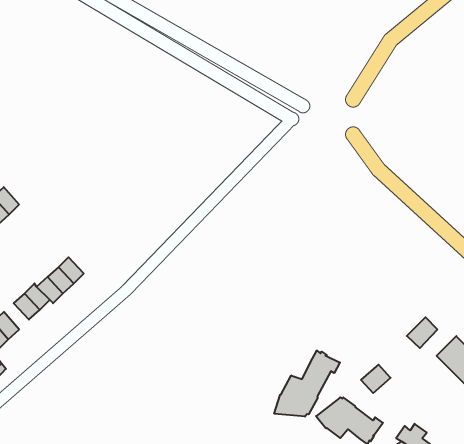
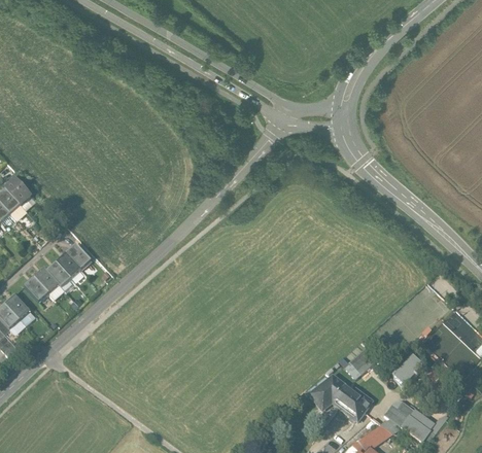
building: [407,317,437,348] -> [394,358,423,387]
building: [274,350,340,417] -> none

